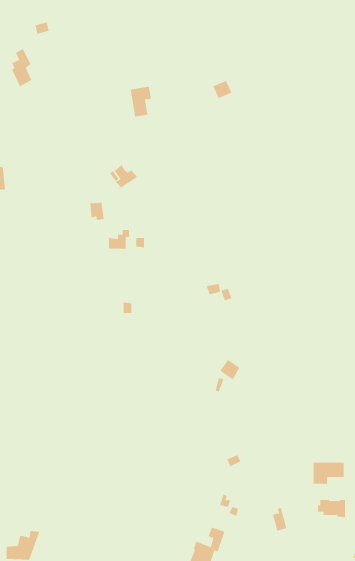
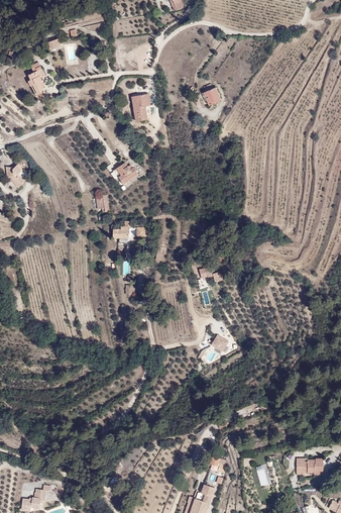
building: [313,462,344,484] -> none

